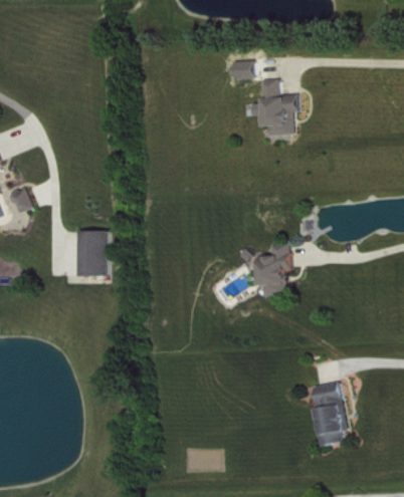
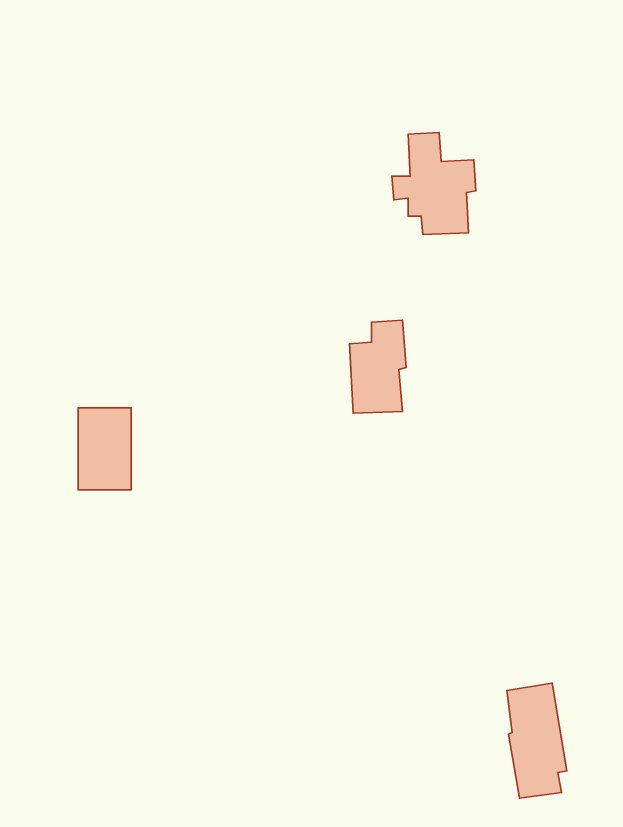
building: [231,59,252,78] -> none
building: [258,243,289,294] -> [349,320,406,413]

